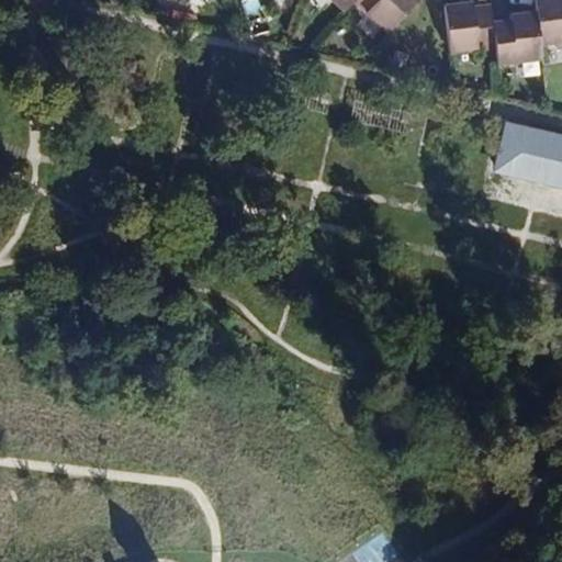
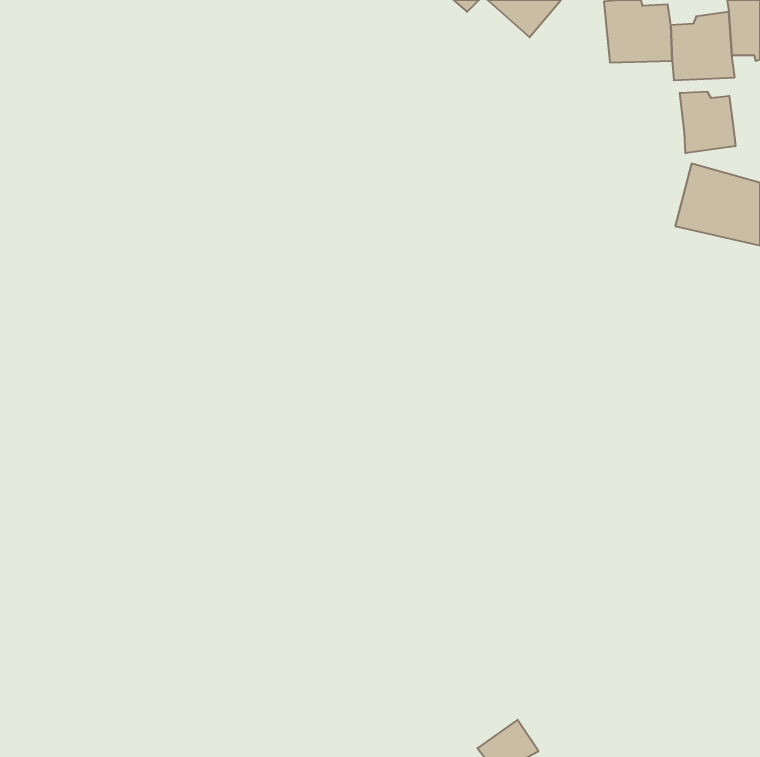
building: none -> [680,92,735,153]

